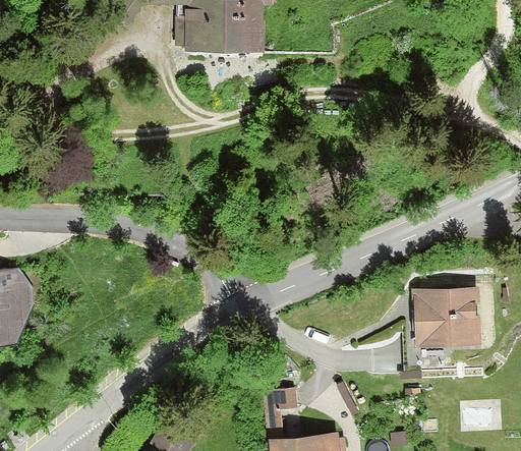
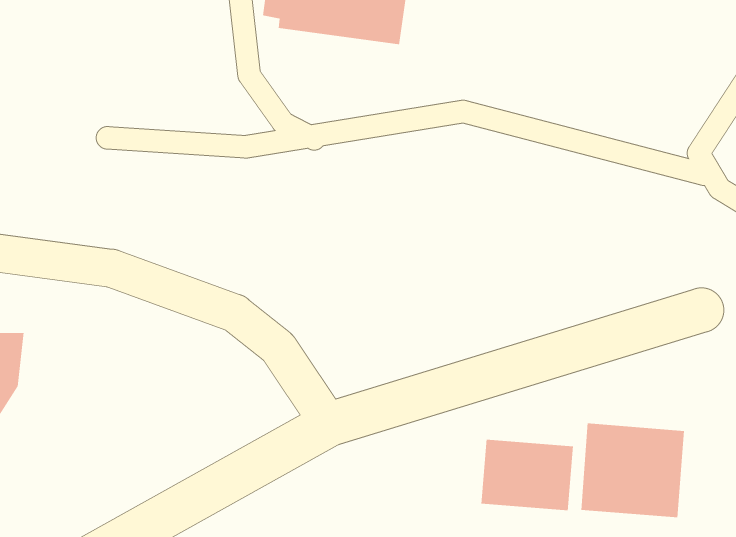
building: none -> [481,439,574,511]

